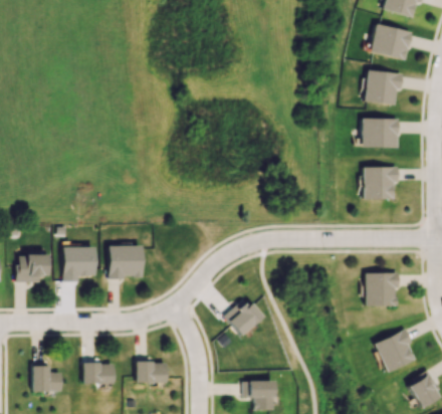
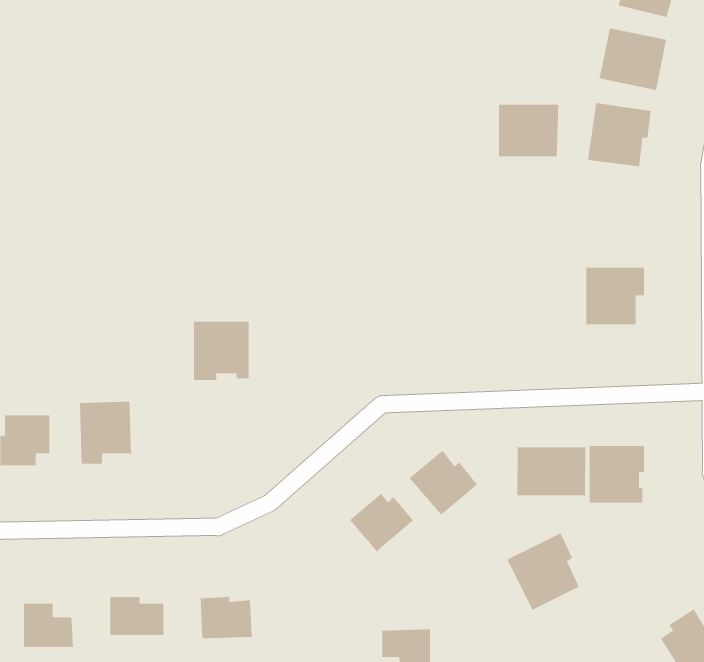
building: [363,118,399,149] -> [498,104,559,157]
building: [109,245,143,280] -> [193,321,249,381]
building: none -> [517,447,586,496]
building: none -> [409,450,478,516]
building: [373,327,416,373] -> [507,532,580,611]

